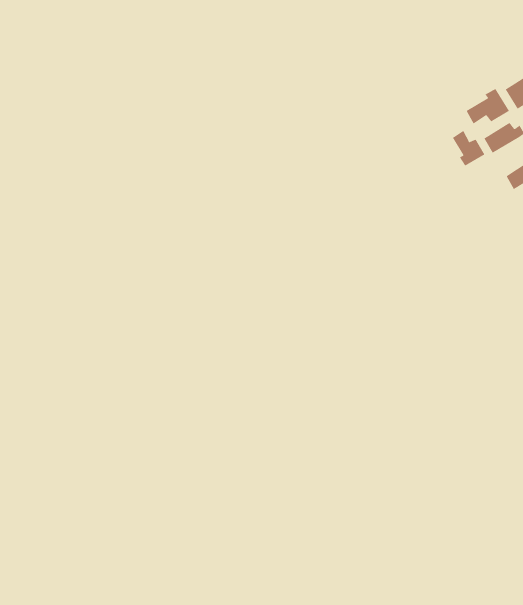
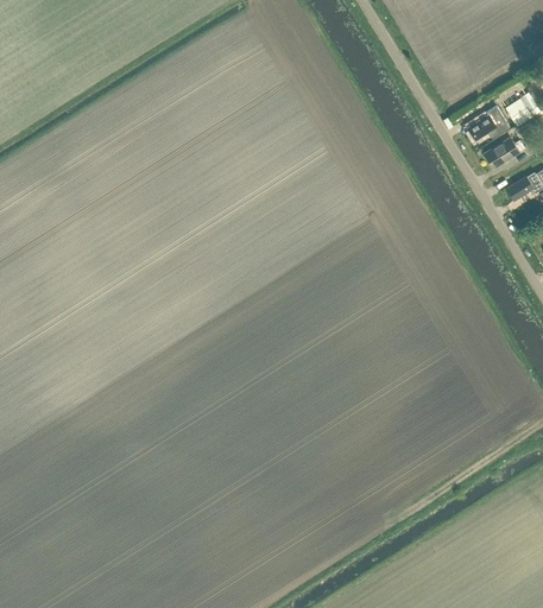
building: [452,130,485,166] -> none

